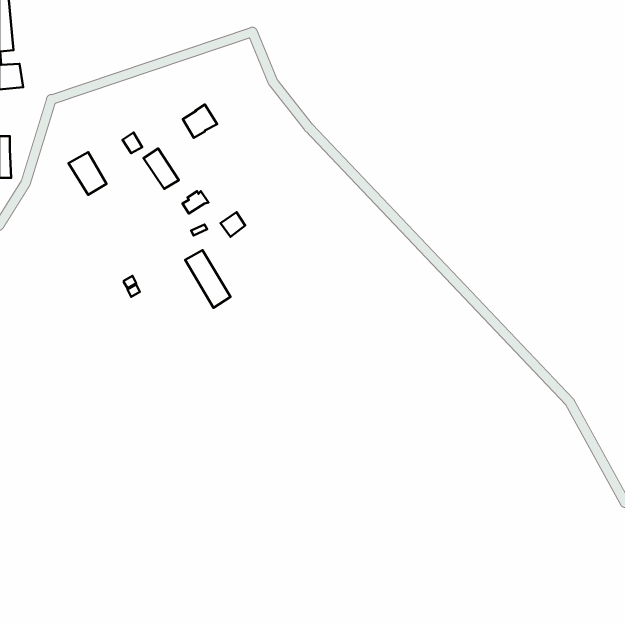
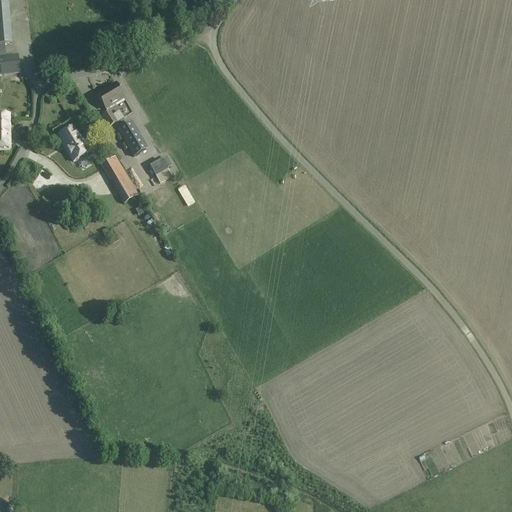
building: [183,105,217,138] -> [96,81,124,108]
building: [185,250,231,308] -> [100,155,137,202]

